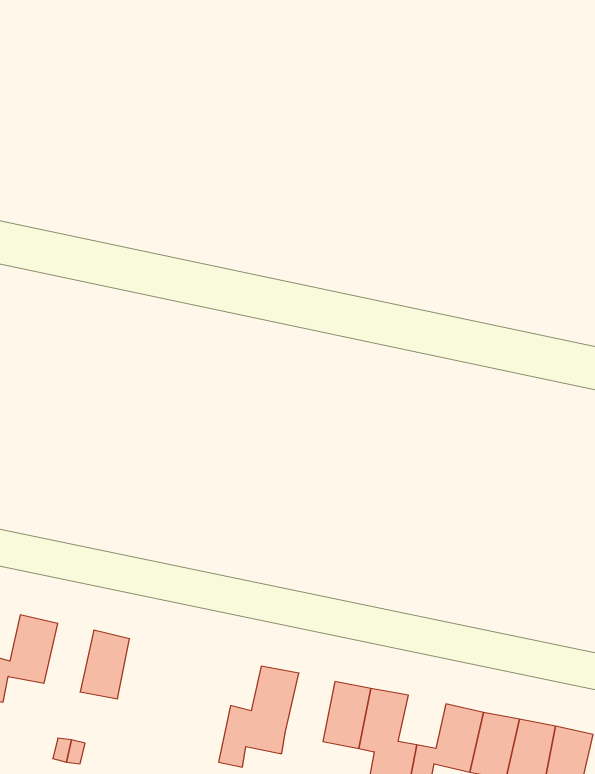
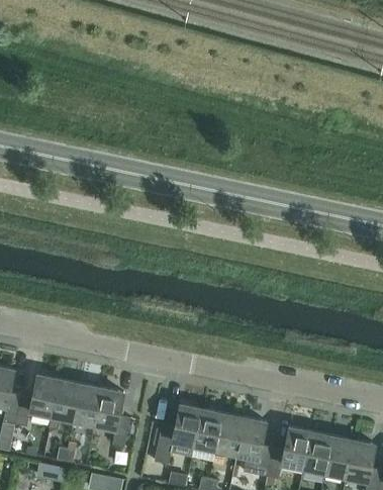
building: none -> [49,380,80,429]
building: none -> [94,389,128,447]
building: none -> [193,409,222,450]

